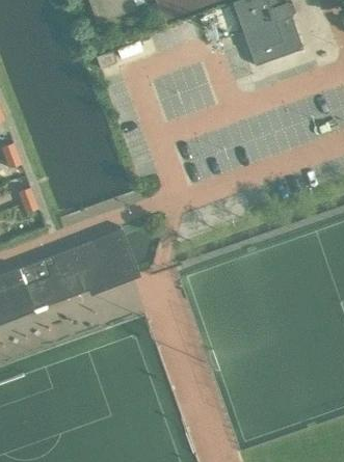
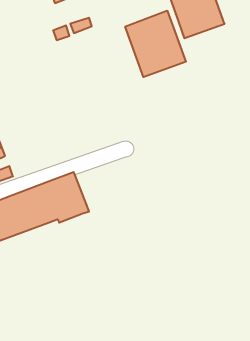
building: none -> [125,11,186,77]

